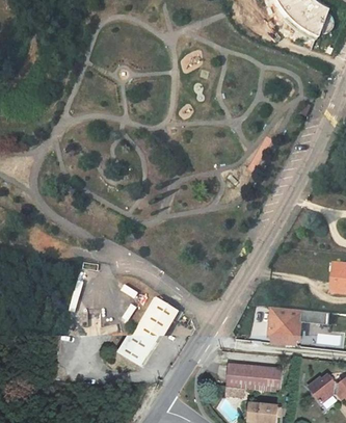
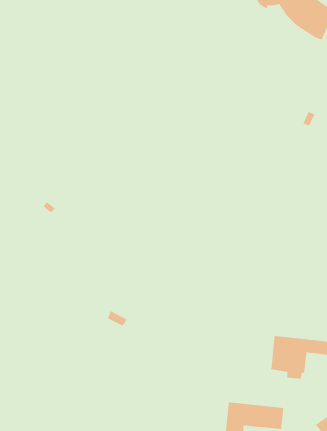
building: [118,297,175,366] -> none

